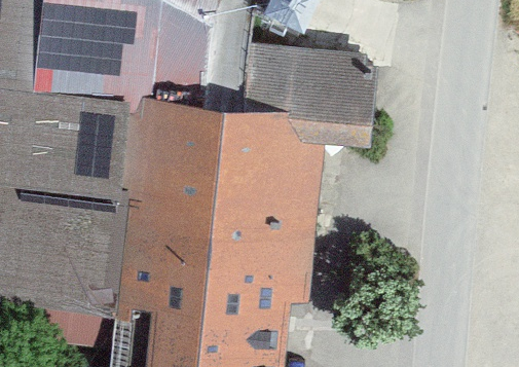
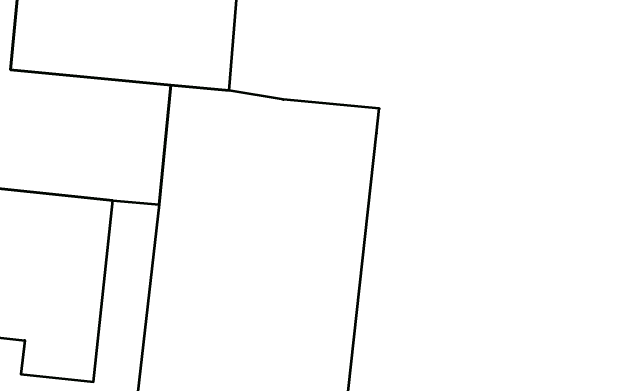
building: [232,47,370,147] -> none

